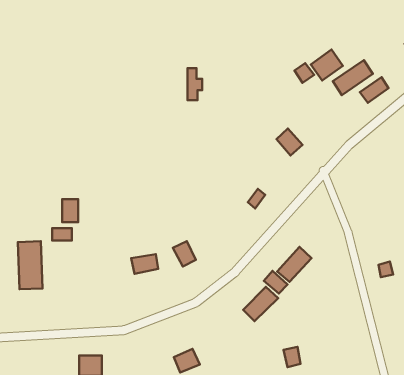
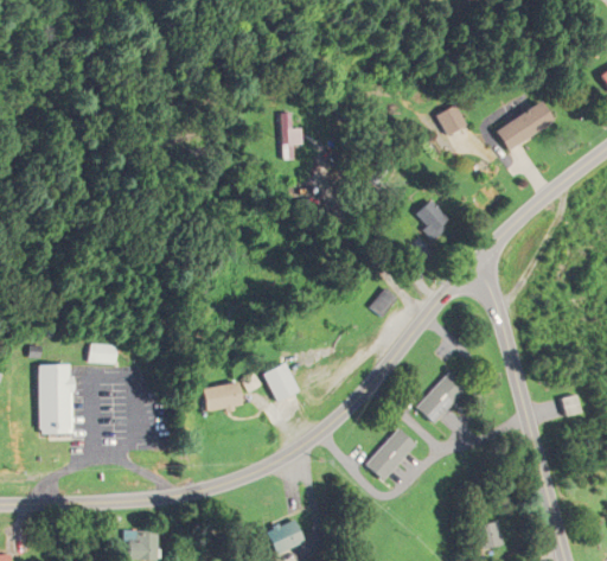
building: [311,50,343,80] -> none
building: [360,77,388,103] -> none
building: [62,199,78,222] -> none
building: [264,271,287,294] -> none
building: [283,347,301,367] -> [479,519,504,549]

